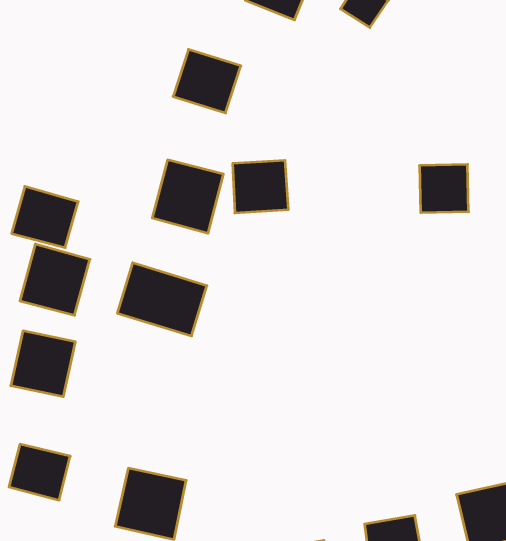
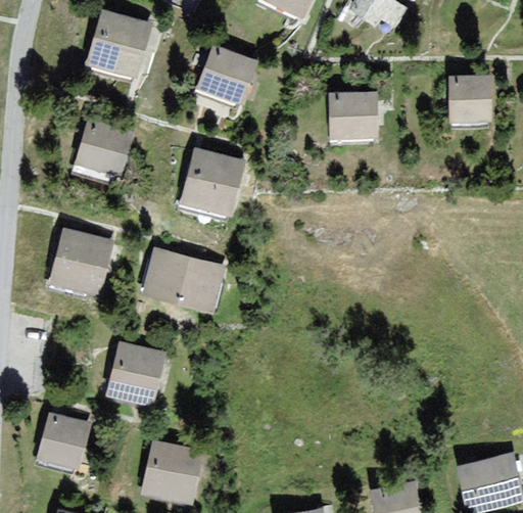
building: none -> [88,11,154,79]
building: [233,160,288,213] -> [327,90,379,139]
building: [419,164,469,213] -> [446,77,492,122]
building: [12,186,78,248] -> [72,120,134,177]
building: [11,331,75,397] -> [106,343,167,405]

